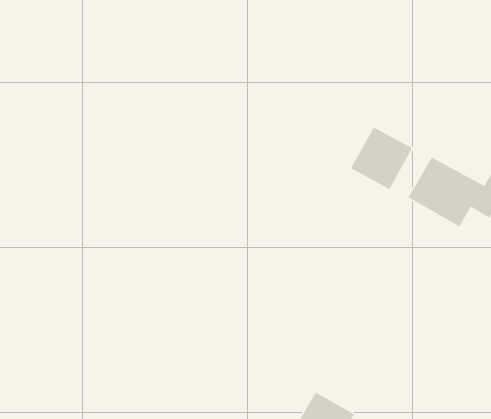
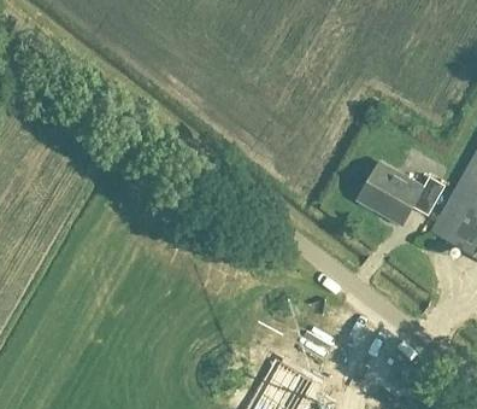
building: [350,126,413,190] -> none

